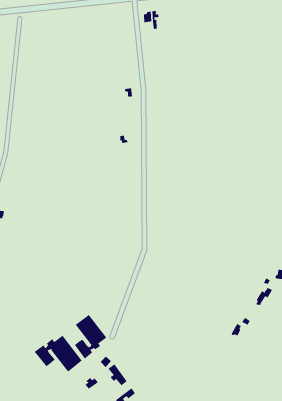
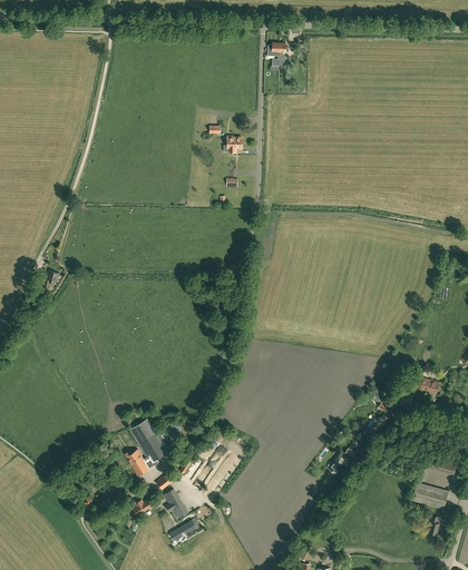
building: [34,335,83,373] -> none

